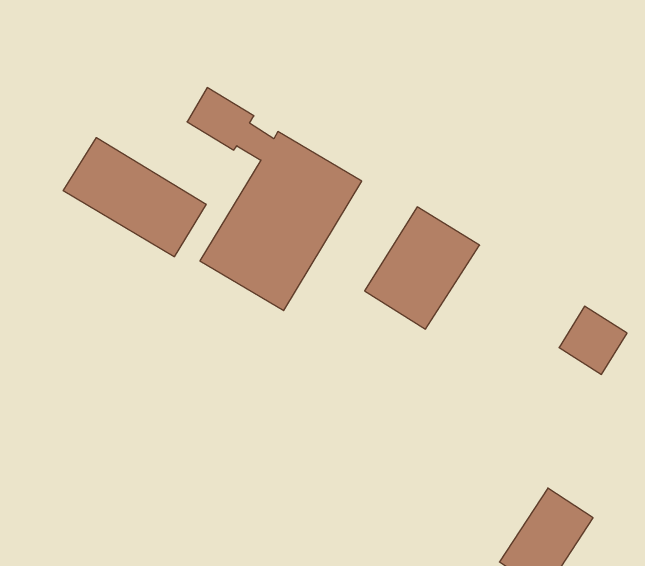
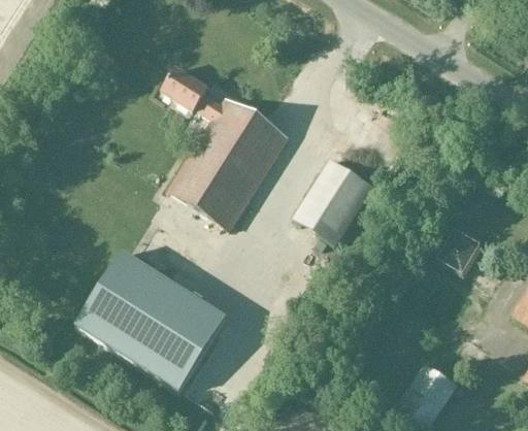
building: [63,138,206,257] -> none
building: none -> [74,251,225,390]

